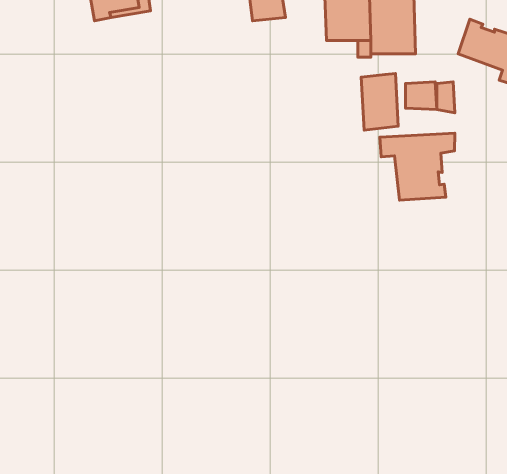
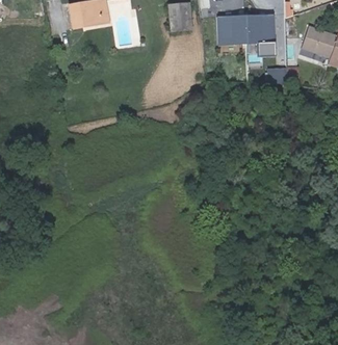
building: [361,73,398,130] -> none
building: [380,133,455,200] -> none

